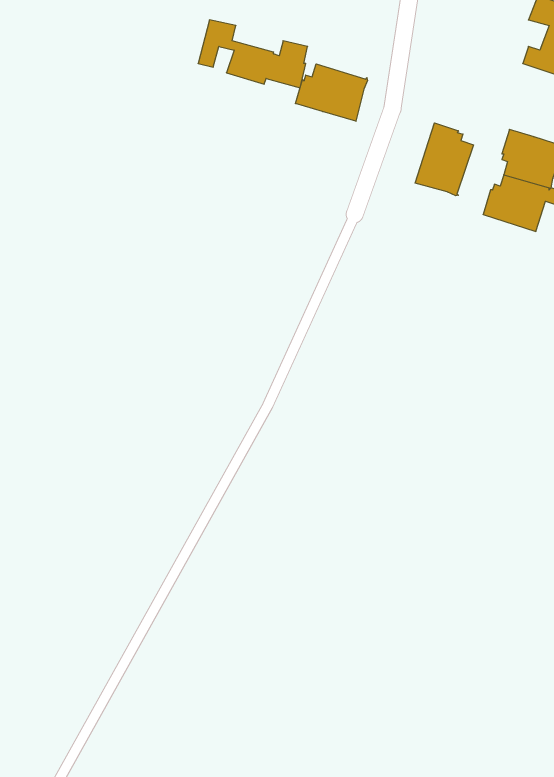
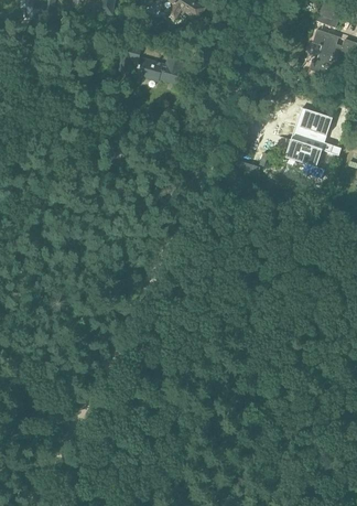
building: [295,64,368,121] -> none
building: [415,123,474,196] -> none

